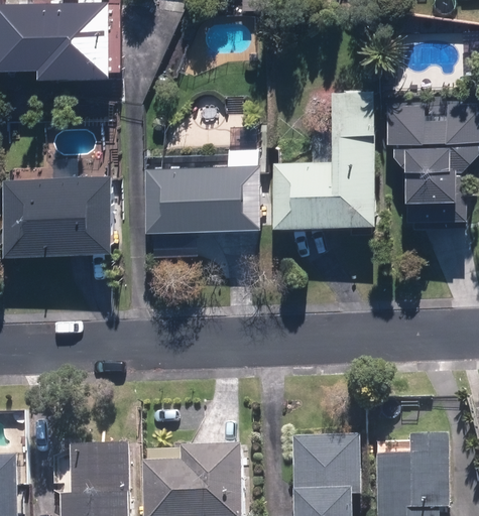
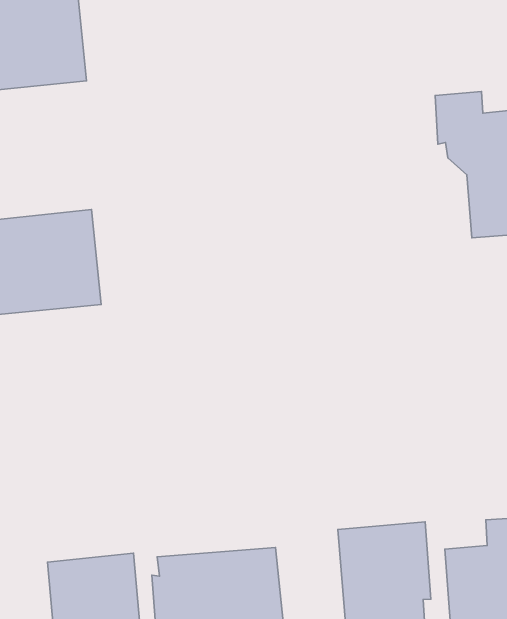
building: [269,91,375,224] -> none
building: [143,165,260,232] -> none

